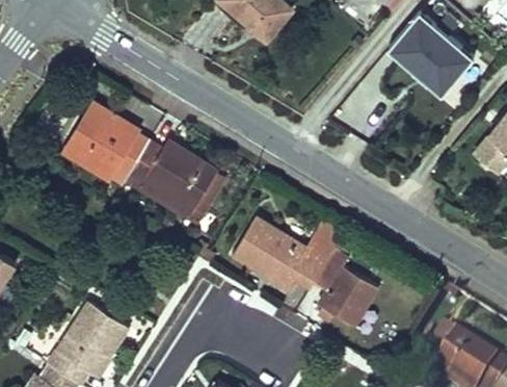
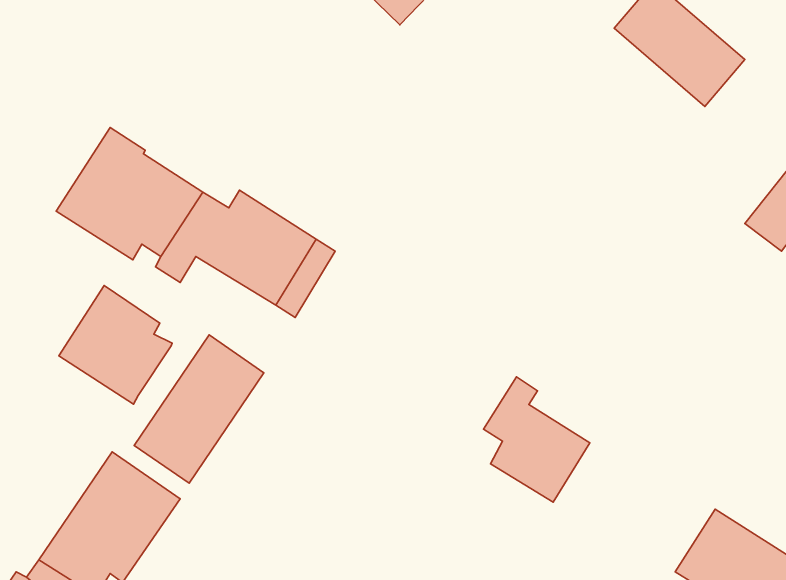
building: none -> [59,286,172,404]
building: [235,220,339,289] -> none
building: none -> [134,335,264,483]

